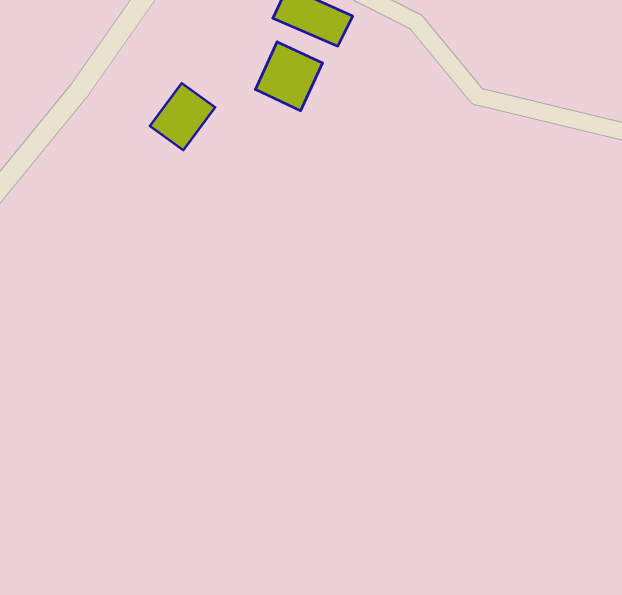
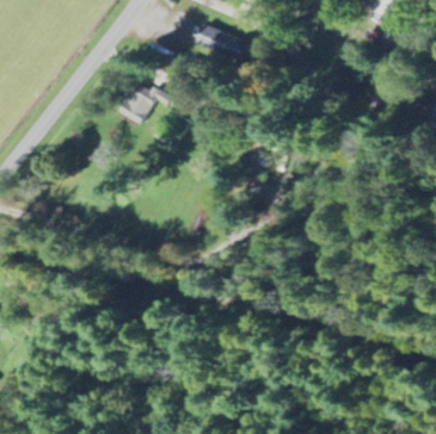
building: [255,42,322,111] -> none

